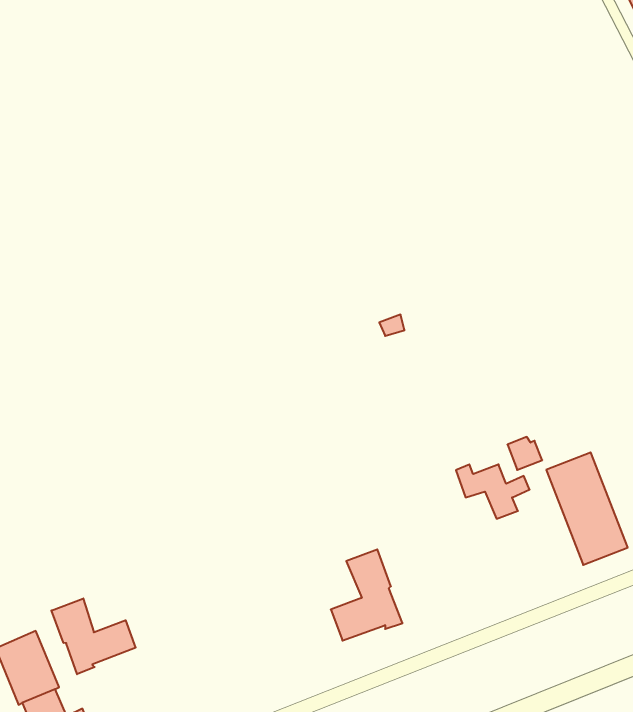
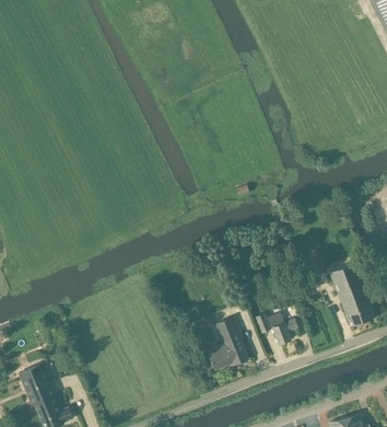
building: [456,464,530,519] -> [255,312,296,343]
building: [51,598,136,674] -> none

